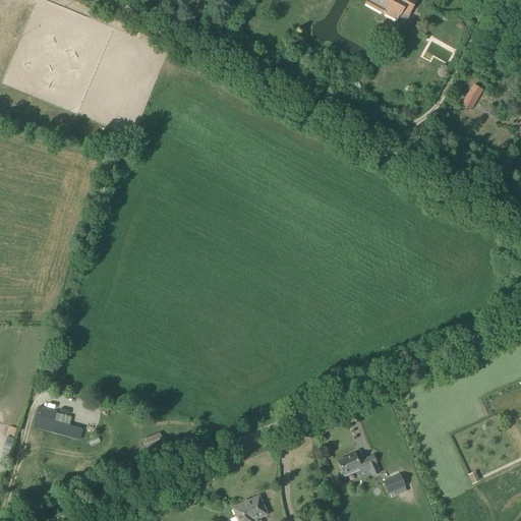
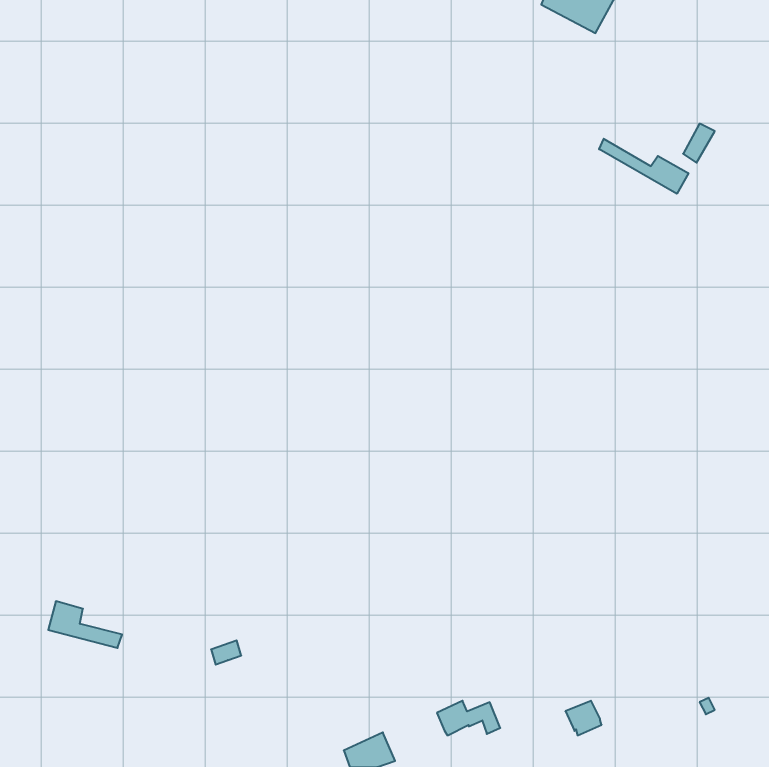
building: none -> [599,139,688,194]
building: [338,453,381,476] -> [437,701,500,735]

